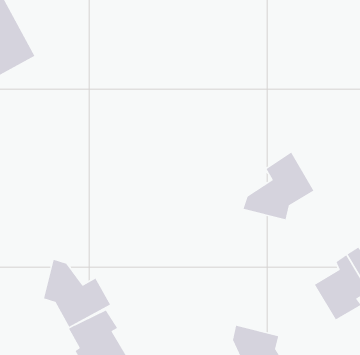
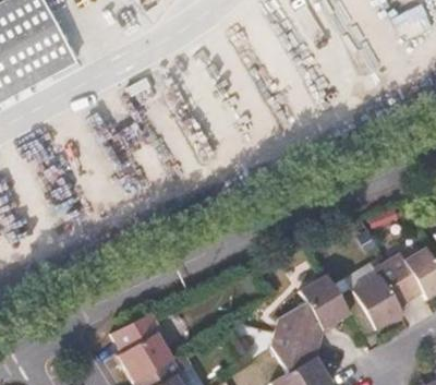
building: [243,152,314,220] -> [277,273,349,341]
building: [43,259,111,328] -> none

